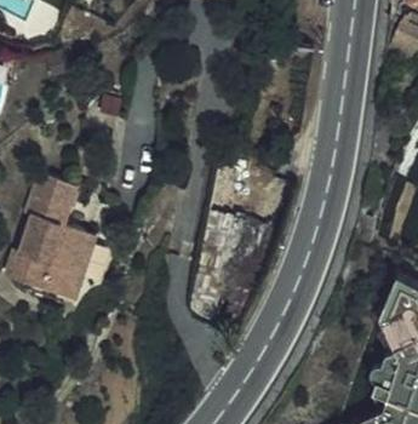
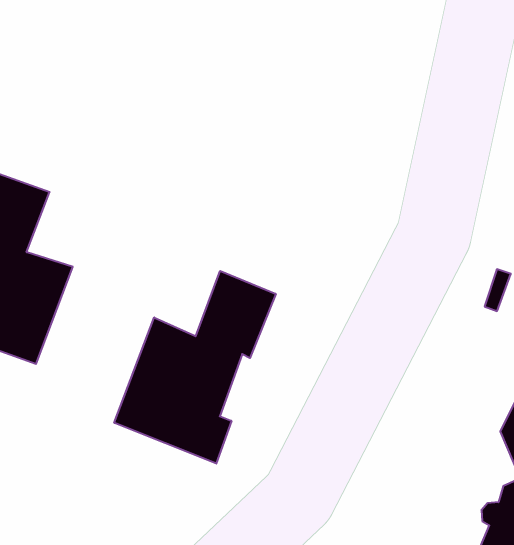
building: none -> [114,271,276,464]

